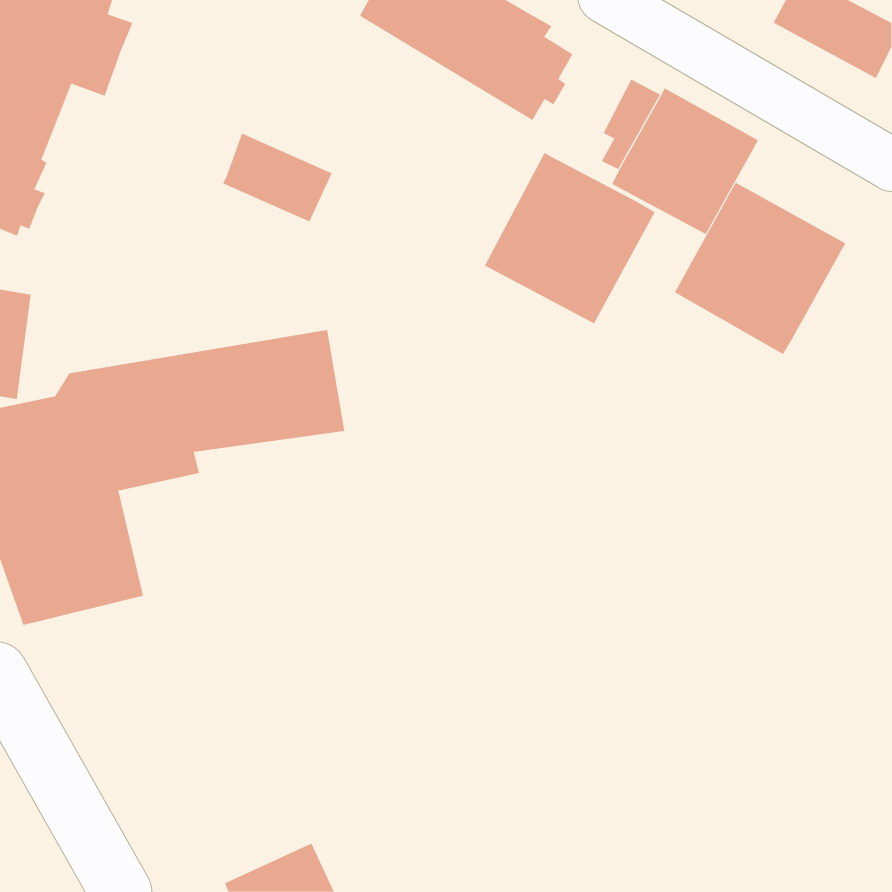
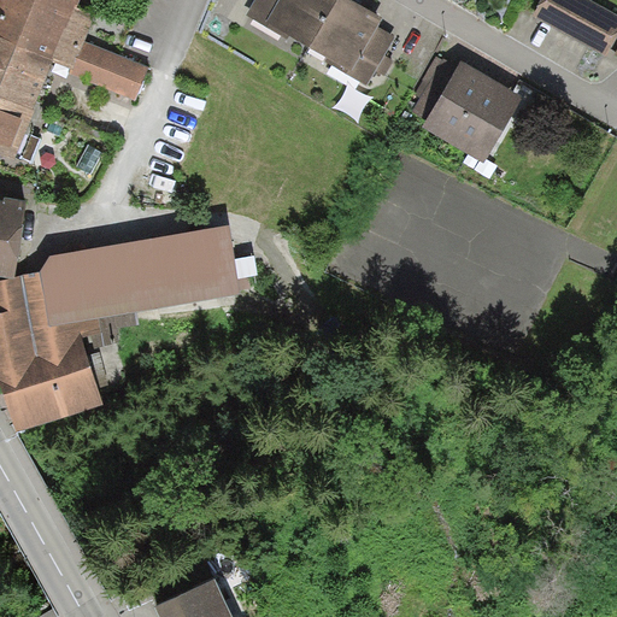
building: [222,133,333,222] -> [70,36,146,98]
building: [484,152,656,324] -> none
building: [674,182,846,355] -> none

